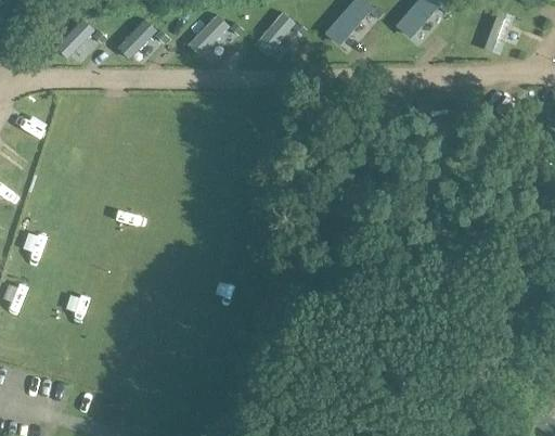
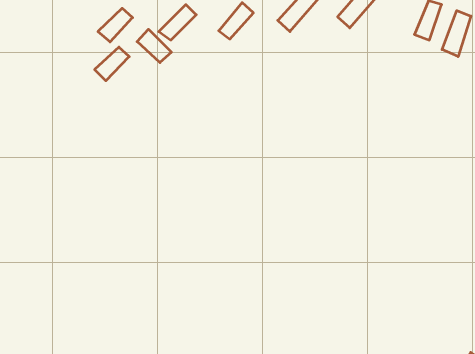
building: [56,18,96,57] -> [95,47,129,81]
building: none -> [442,11,471,57]
building: none -> [137,29,171,63]

